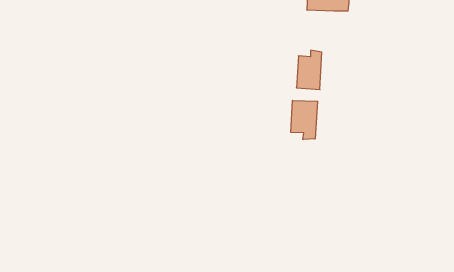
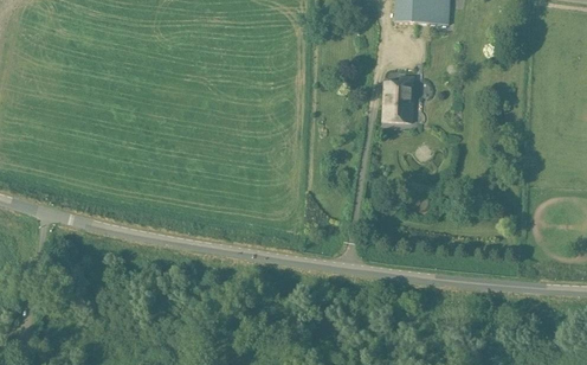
building: [291,100,318,140] -> none

